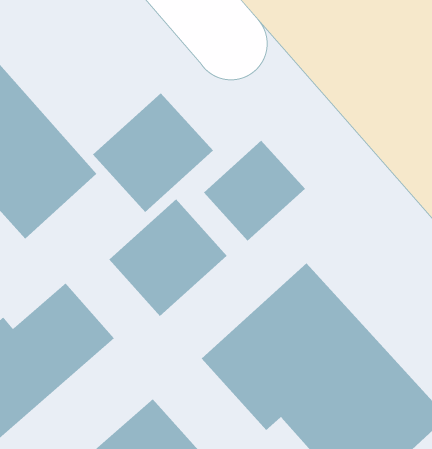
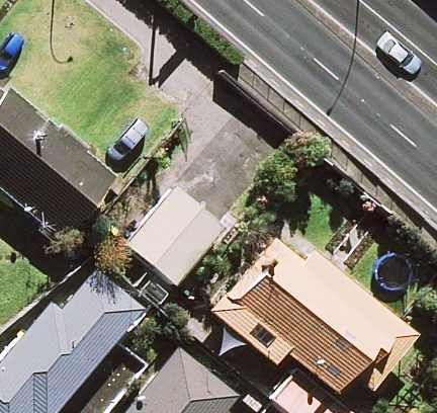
building: [92,92,214,213] -> none
building: [203,140,306,241] -> none

